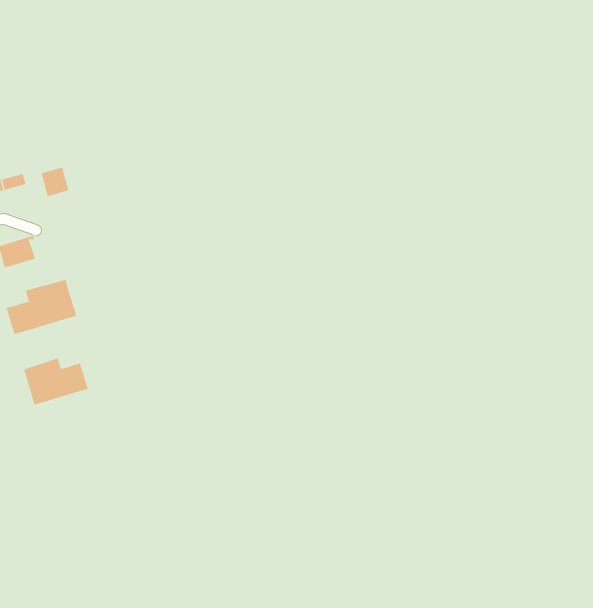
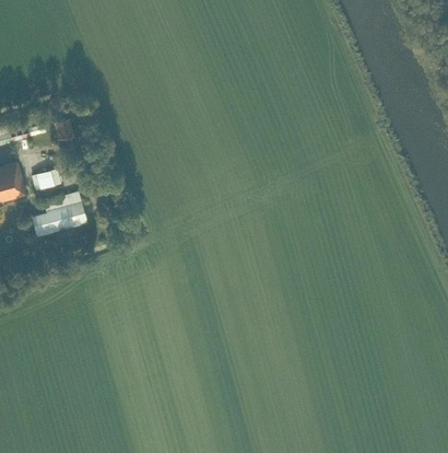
building: [23,357,88,406] -> none

